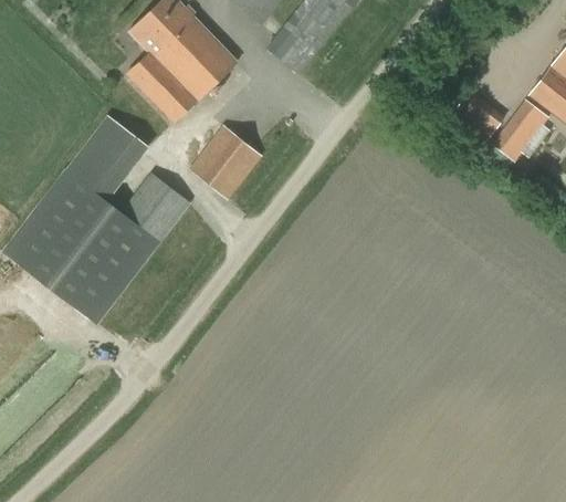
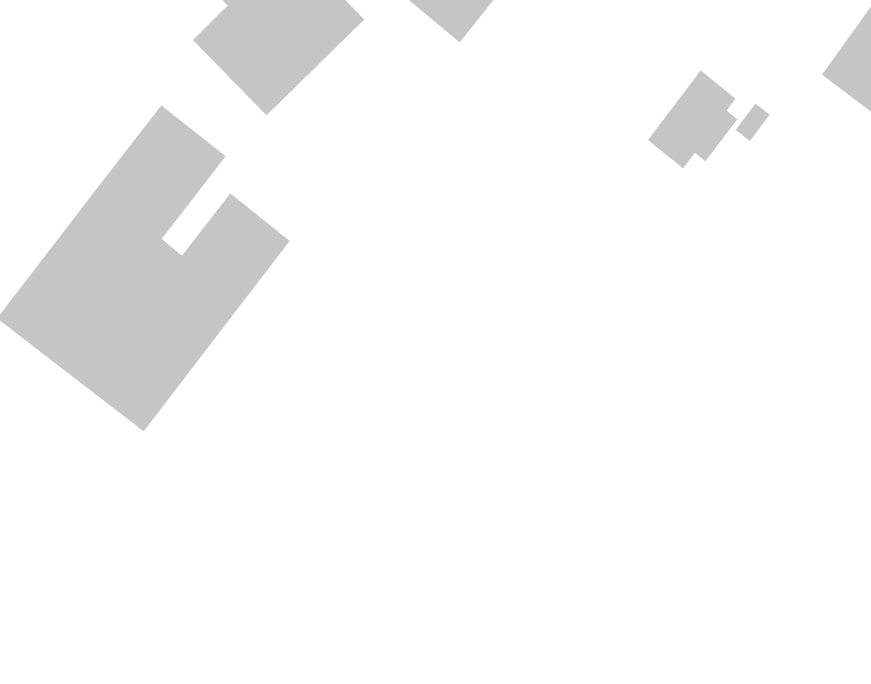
building: [491,97,549,161] -> [647,69,738,169]
building: [187,124,262,200] -> none

